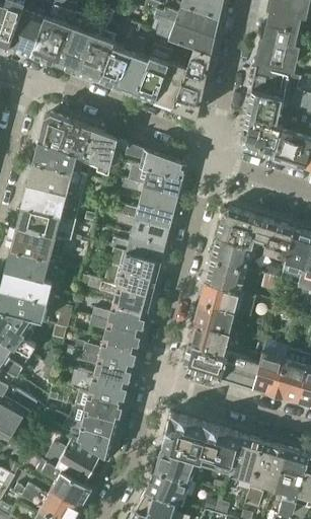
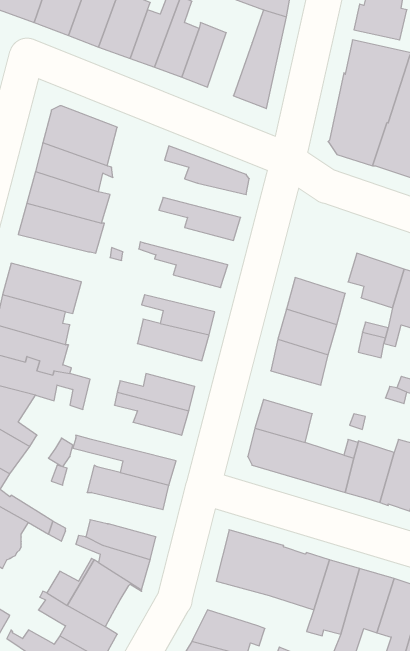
building: [155,62,186,106] -> none
building: [84,129,116,172] -> none
building: [118,168,182,193] -> none
building: [110,200,173,226] -> none
building: [16,205,71,238] -> none
building: [217,208,260,246] -> none
building: [110,233,164,260] -> none
building: [79,276,151,312] -> none
building: [195,301,235,331] -> none
building: [73,338,137,365] -> none
building: [71,387,124,419] -> none
building: [155,450,199,481] -> none

